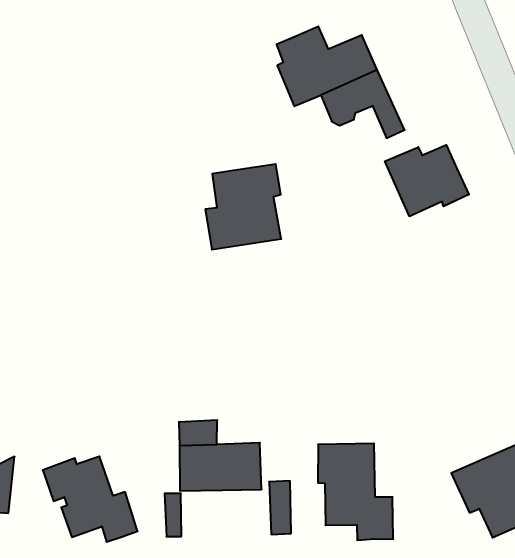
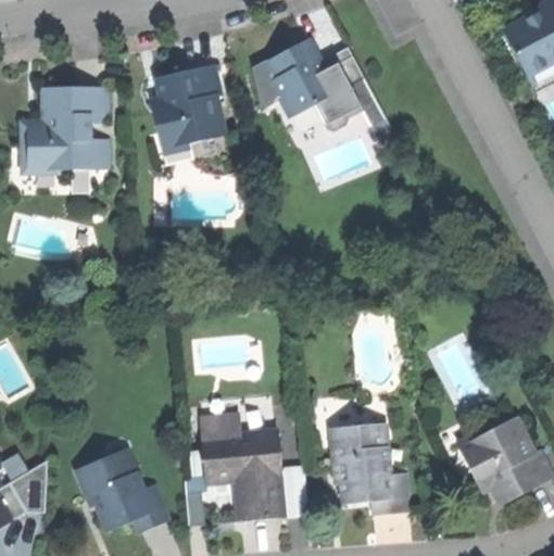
building: none -> [21,87,106,169]
building: [385,145,469,216] -> none
building: [205,164,281,249] -> [152,65,225,149]
building: none -> [244,475,287,521]

